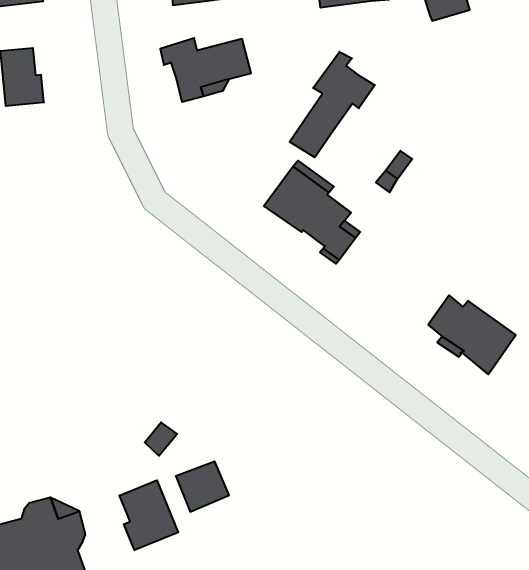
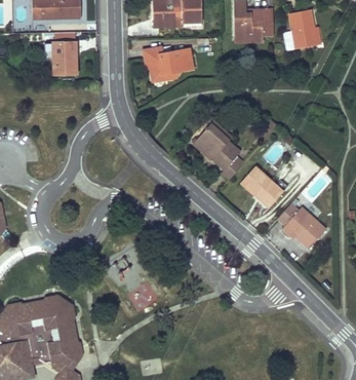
building: [290,52,375,157] -> none
building: none -> [240,166,283,207]
building: [119,480,178,550] -> none

